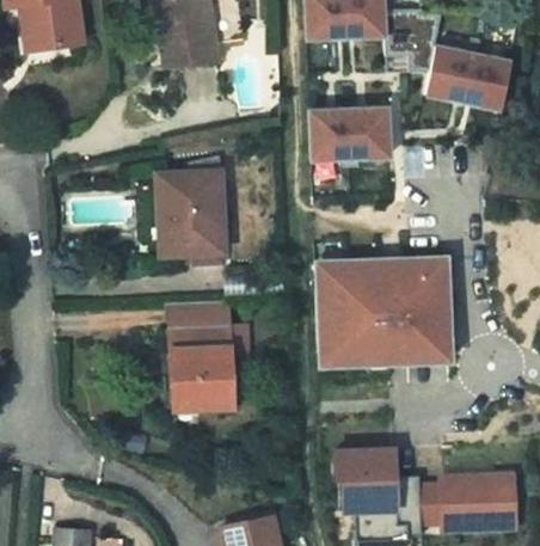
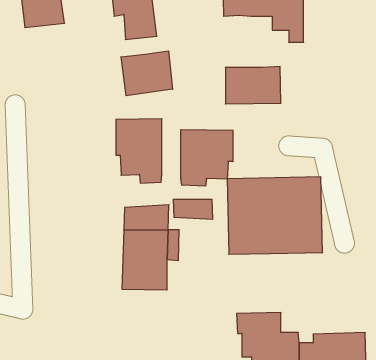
building: [417,49,503,111] -> none
building: none -> [121,51,173,96]
building: none -> [181,130,233,186]
building: none -> [173,199,213,219]

